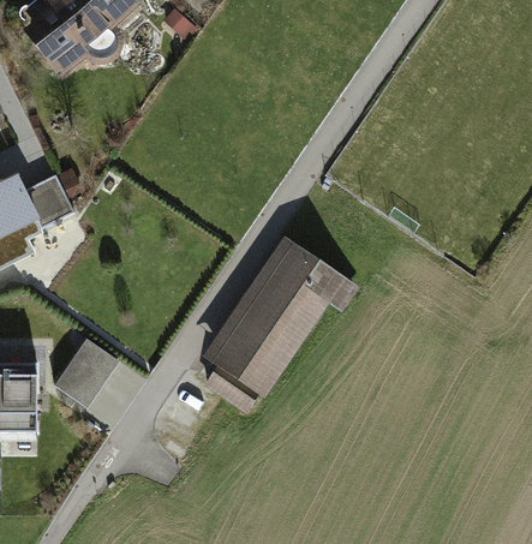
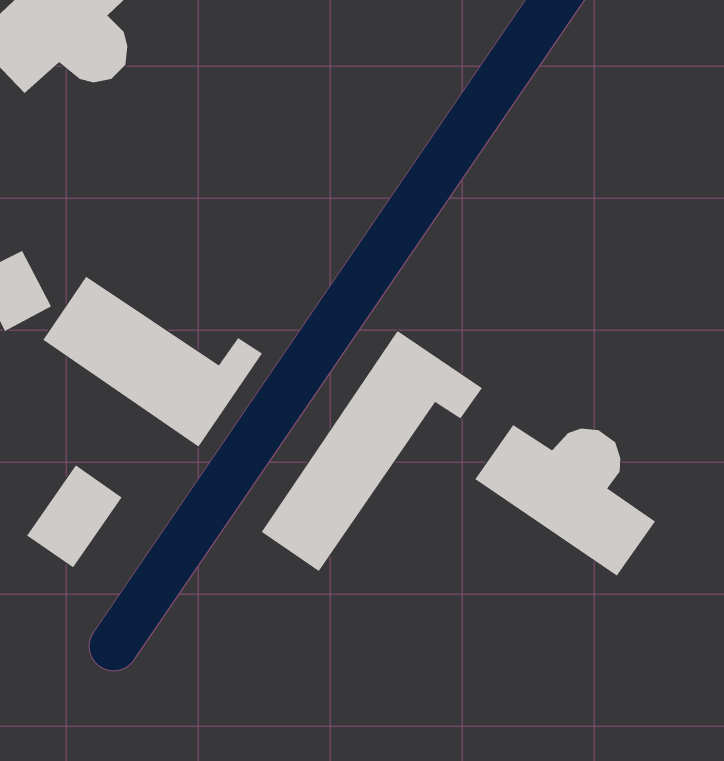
building: none -> [42,276,263,448]
building: none -> [474,424,656,576]

